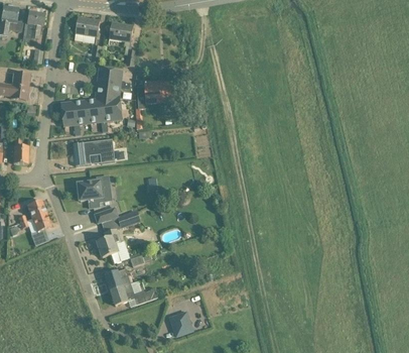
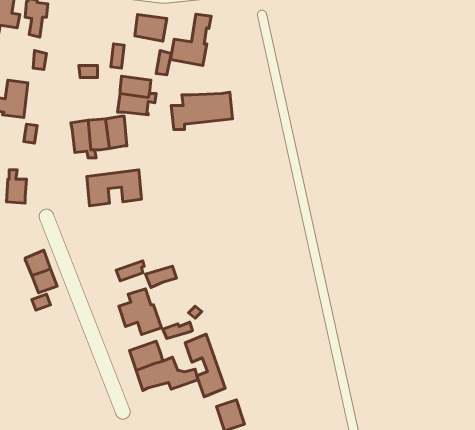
building: [76,16,100,36] -> none
building: none -> [171,14,211,66]
building: [101,95,122,126] -> none
building: [78,175,112,206] -> none
building: none -> [185,334,225,397]

